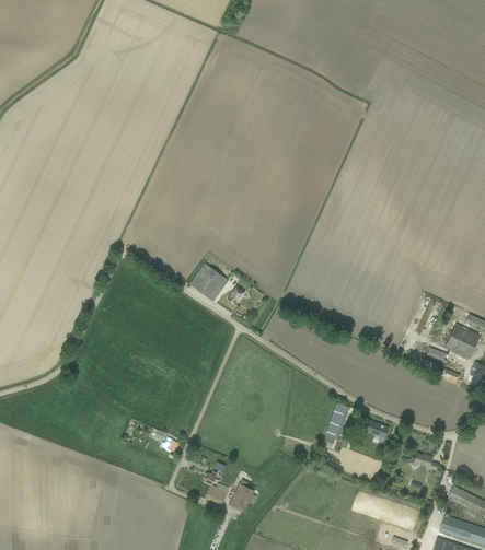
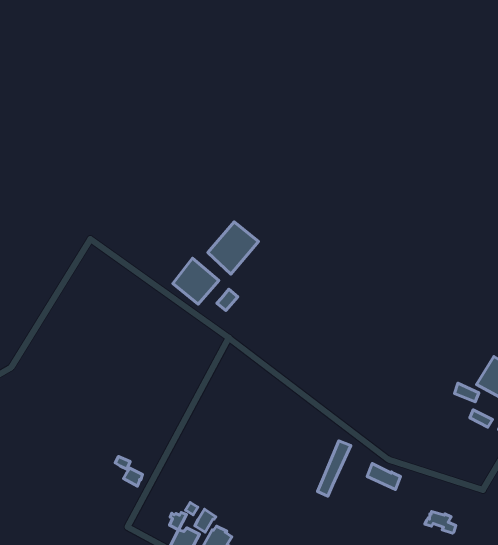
building: none -> [208,222,259,274]

